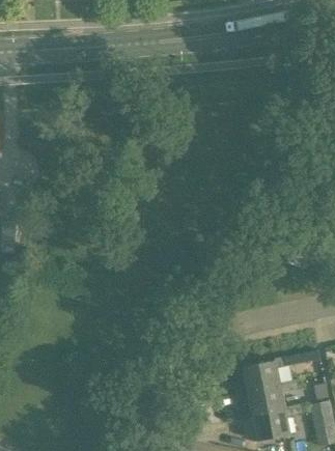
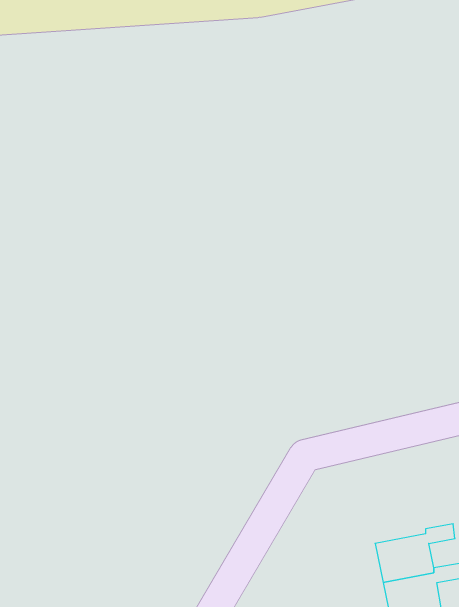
building: [243,355,295,392] -> none

